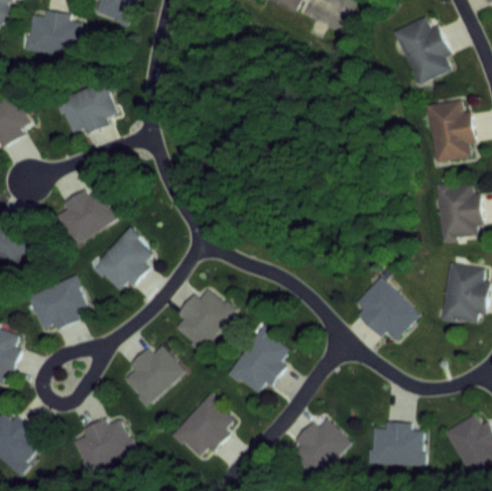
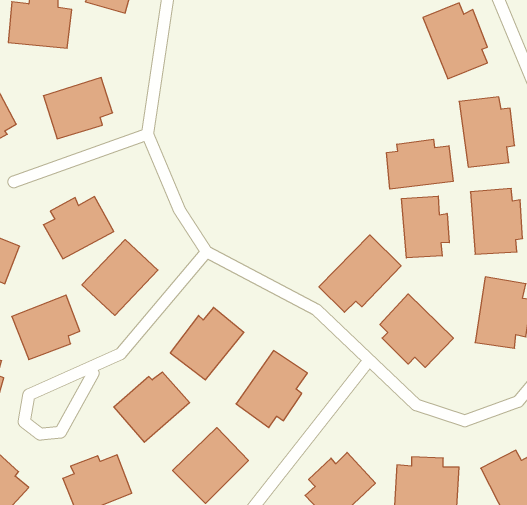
building: none -> [387,139,453,189]
building: none -> [402,196,449,258]
building: none -> [319,235,401,312]

